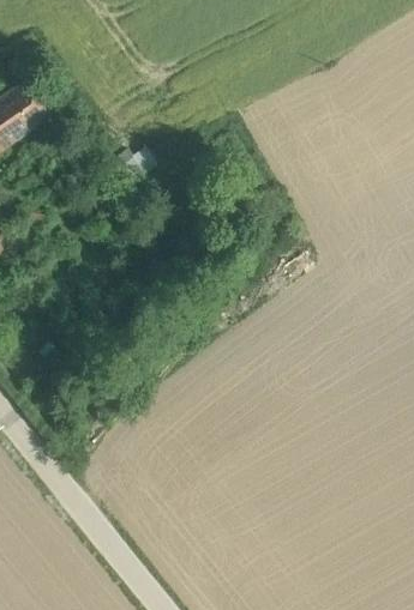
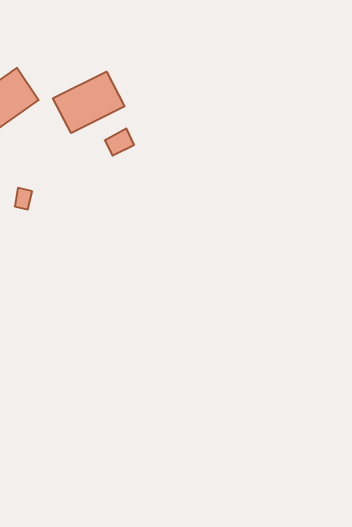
building: none -> [53,72,125,133]

